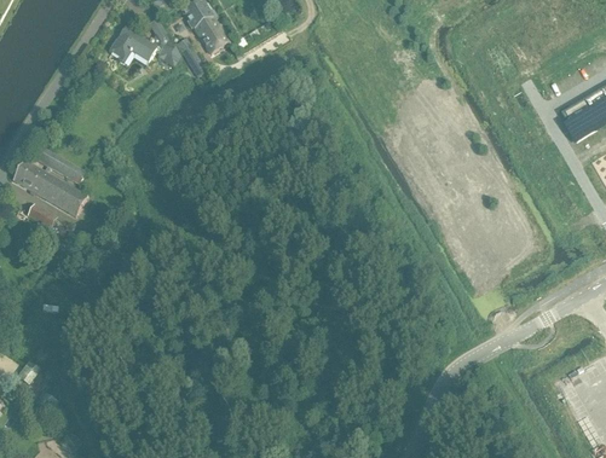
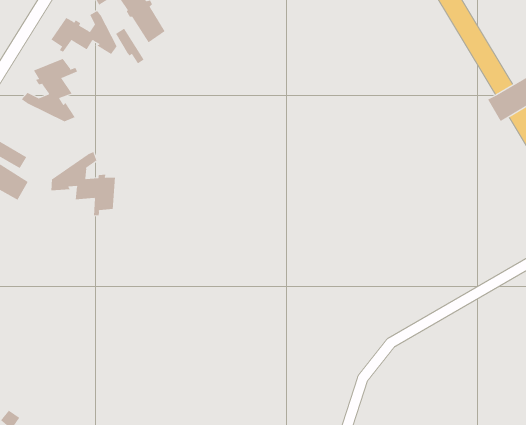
building: none -> [21,58,78,122]
building: none -> [51,151,116,216]

